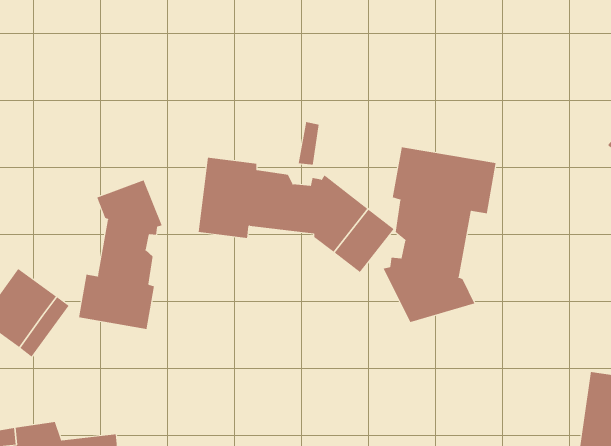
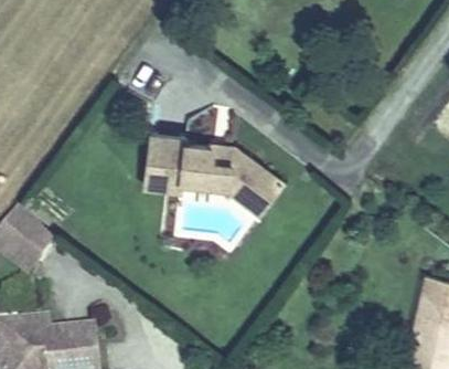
building: [383,146,496,323] -> none
building: [79,180,162,330] -> none

